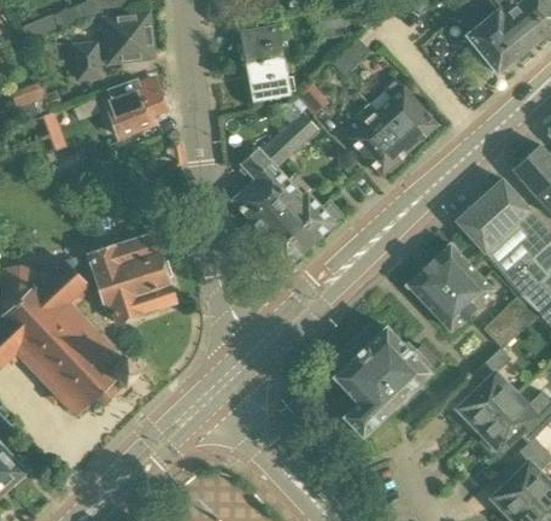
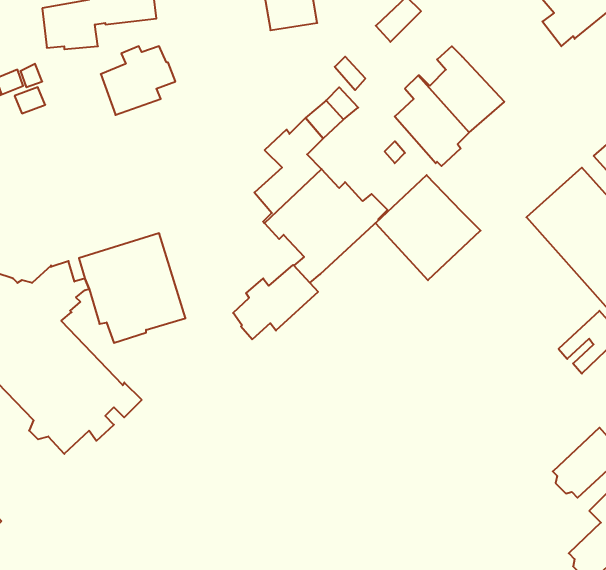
building: [246,59,292,101] -> none
building: [408,244,494,330] -> [375,175,481,280]
building: none -> [233,265,318,339]
building: [334,326,439,435] -> none
building: [458,347,517,429] -> none

